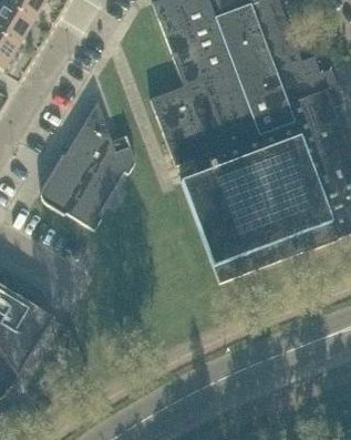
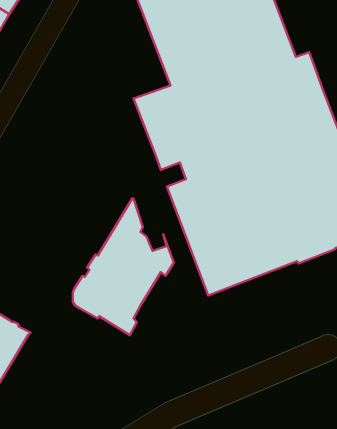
building: [41,101,135,228] -> [73,199,174,335]

